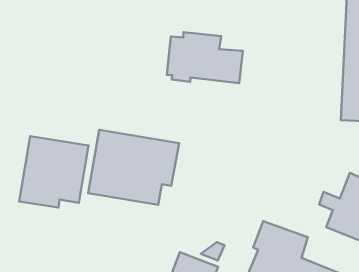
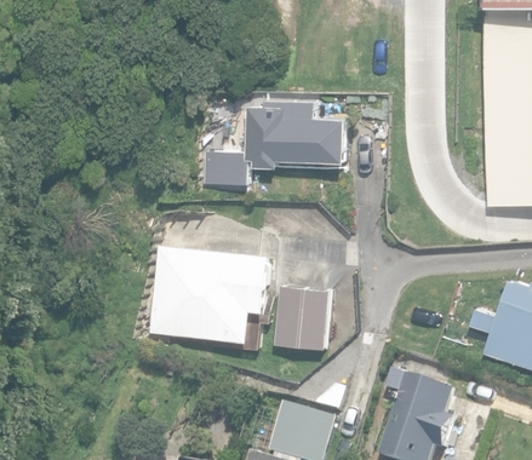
building: [19,136,88,207] -> none
building: none -> [273,286,327,349]

